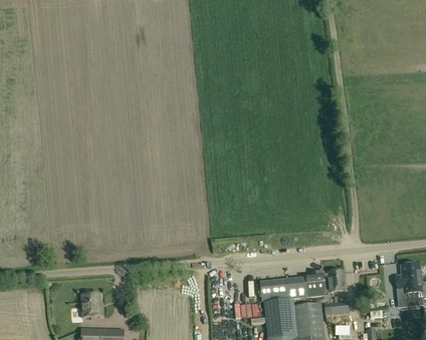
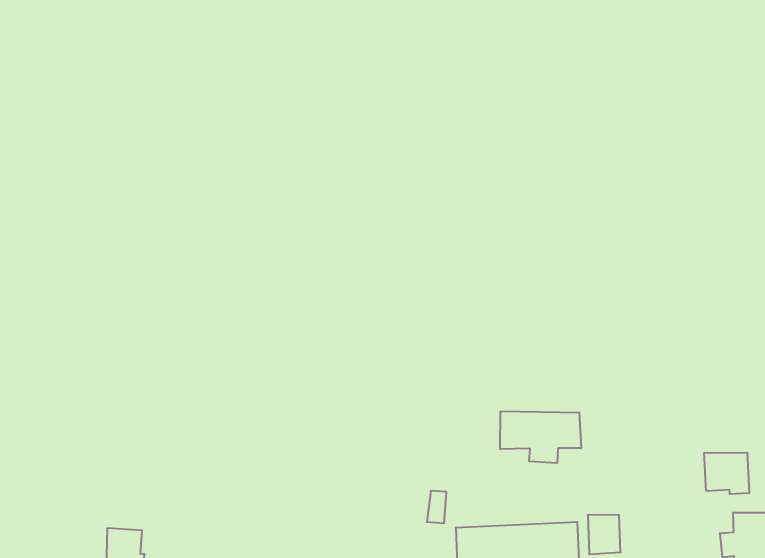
building: none -> [500,411,581,463]
building: none -> [704,453,749,494]

